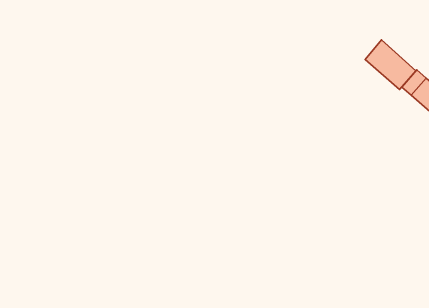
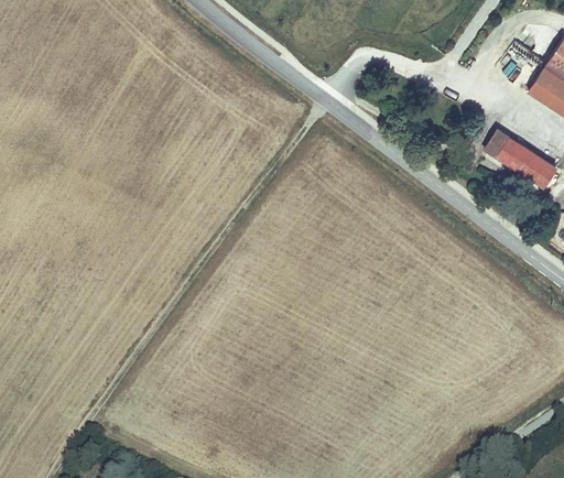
building: [365,40,416,90] -> none

